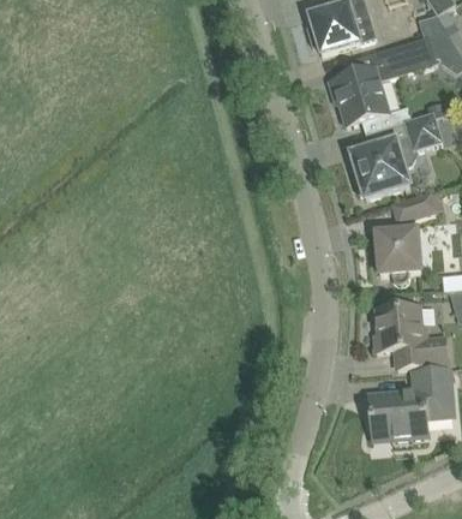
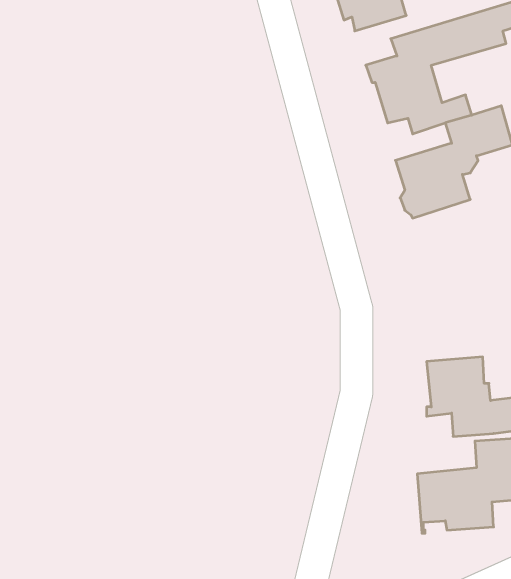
building: [376,190,436,282] -> none

